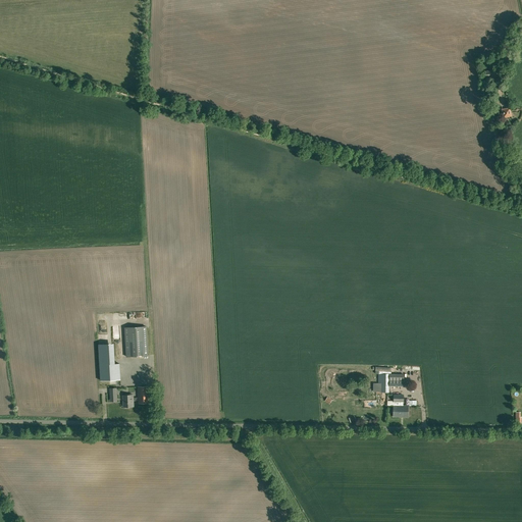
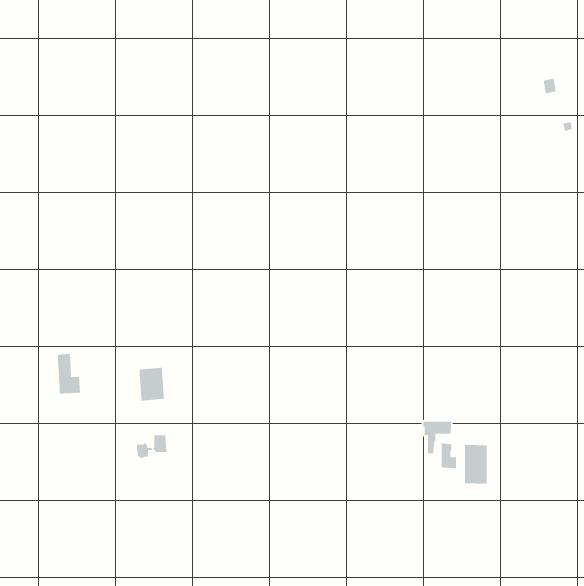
building: [98,344,119,380] -> [57,353,81,394]
building: none -> [464,444,488,484]

